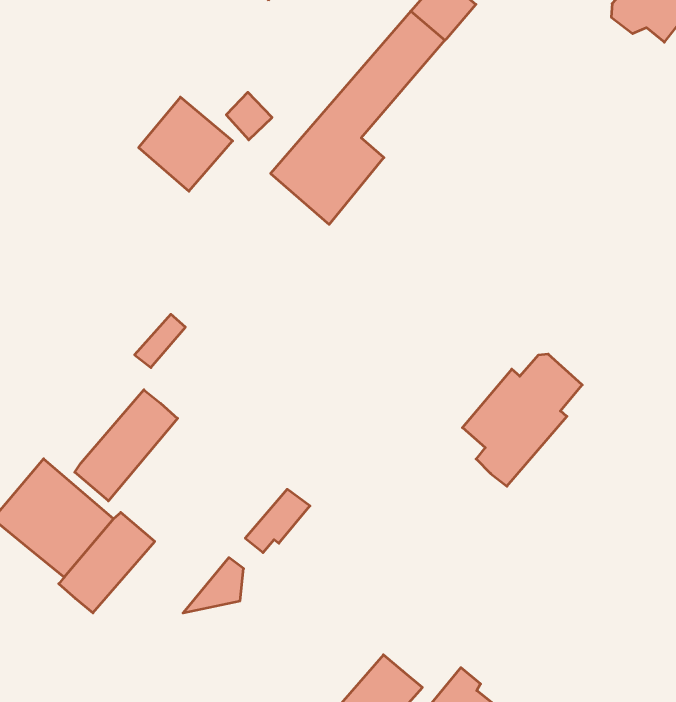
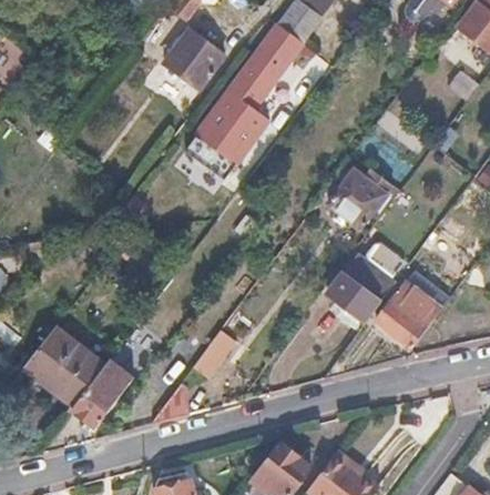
building: [139,97,233,191] -> [162,27,223,88]
building: none -> [330,165,394,224]
building: [75,390,178,501] -> none
building: none -> [376,283,440,347]

